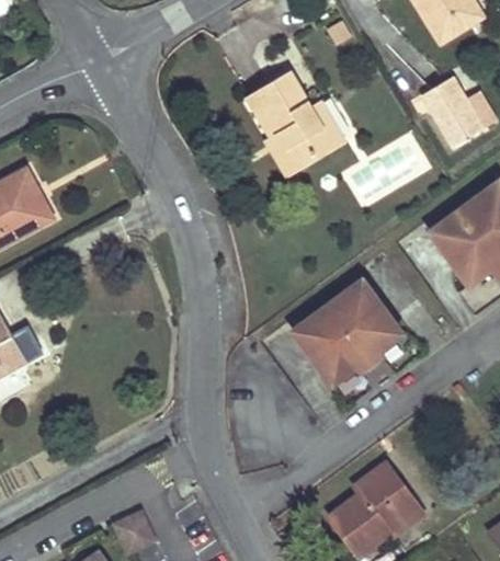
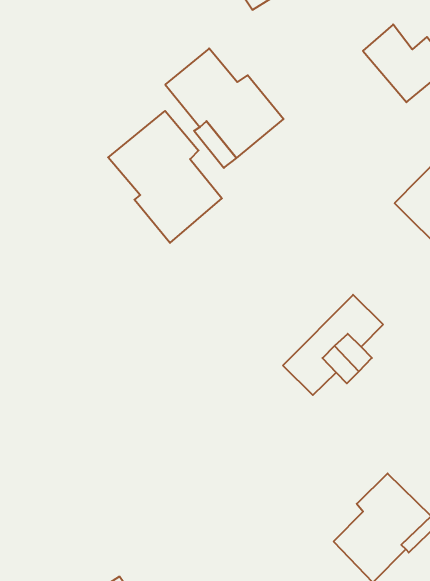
building: none -> [108,111,222,243]
building: [340,134,431,207] -> none
building: [292,278,380,354] -> none

